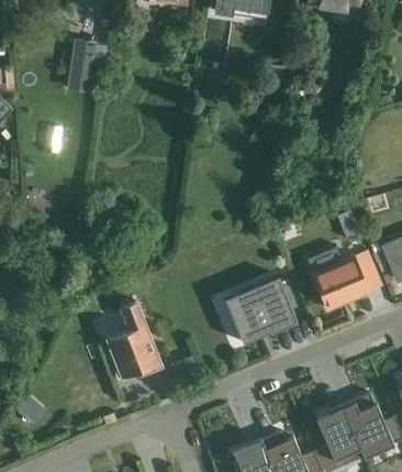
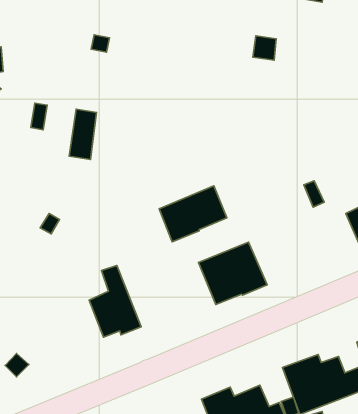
building: [67,39,97,92] -> [69,109,97,159]
building: none -> [159,186,227,242]
building: [308,246,369,309] -> none

